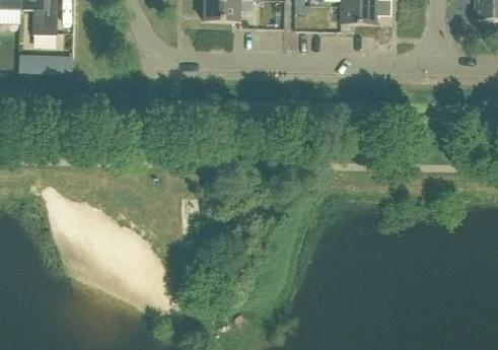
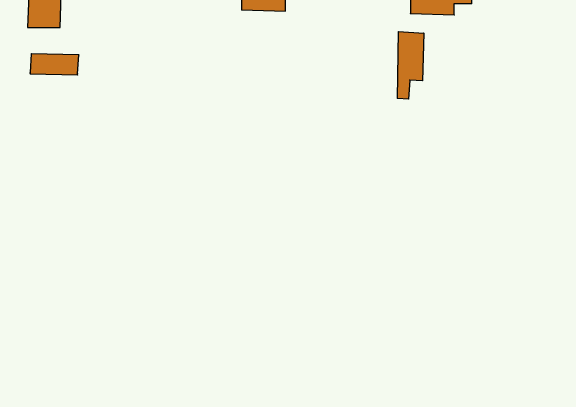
building: none -> [397,32,424,99]

